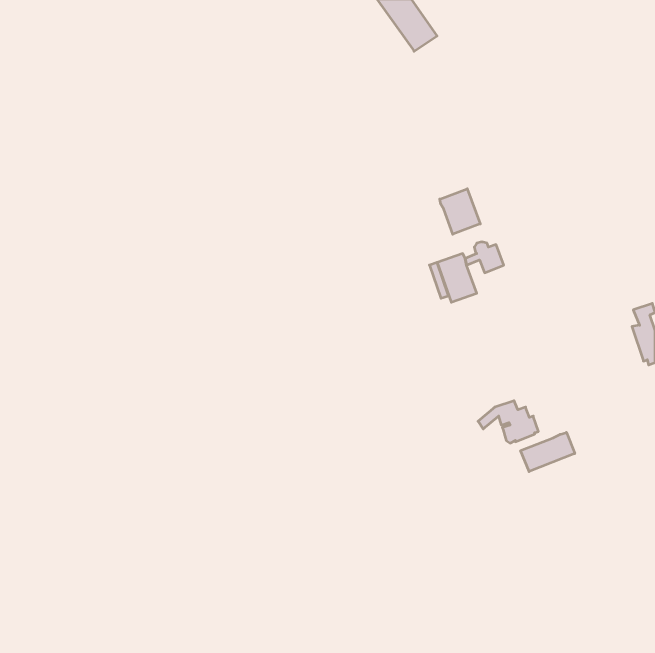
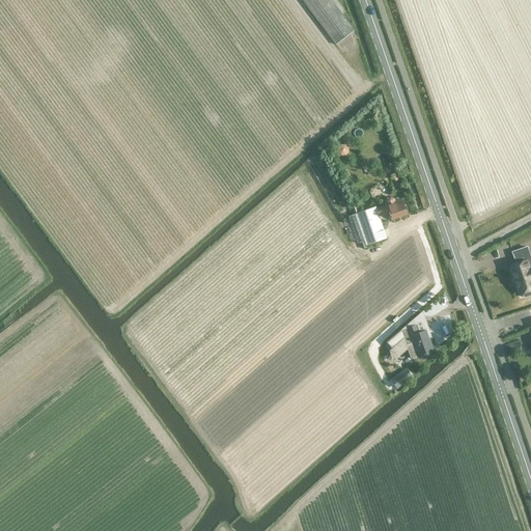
building: [440,189,480,234] -> none
building: [521,432,575,472] -> none

